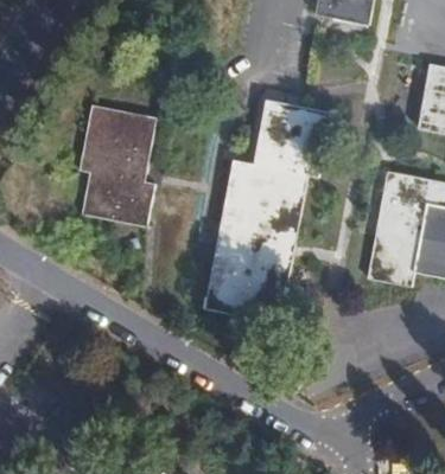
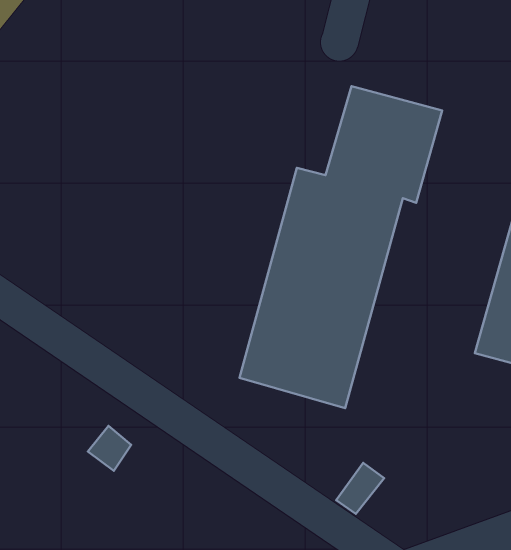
building: [77,104,155,225] -> none

